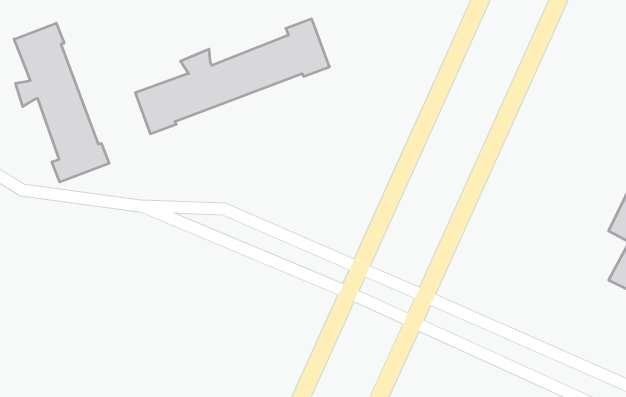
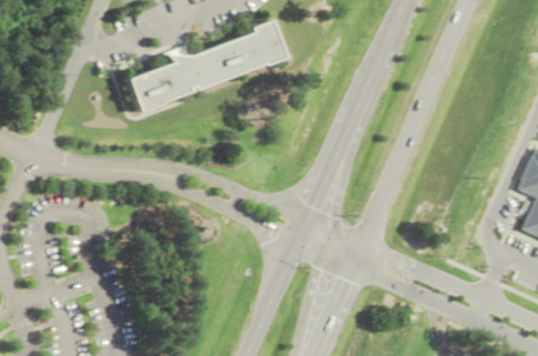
building: [14,23,109,182] -> none

